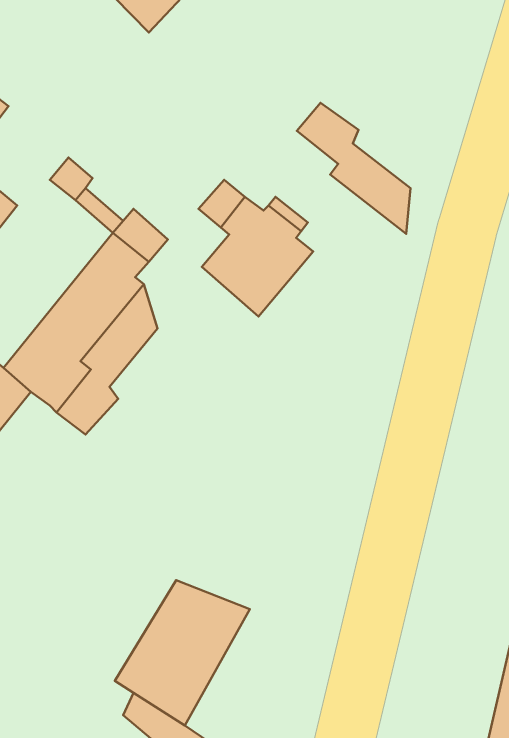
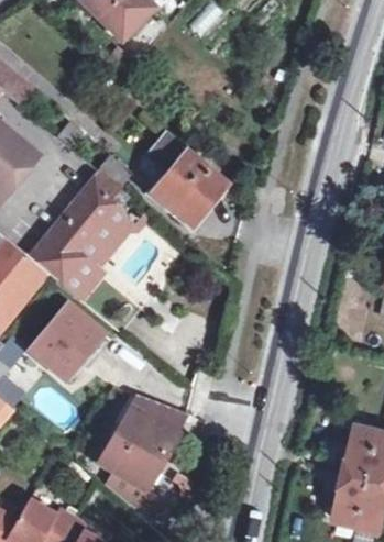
building: [297,103,410,234] -> none
building: none -> [31,307,102,380]

